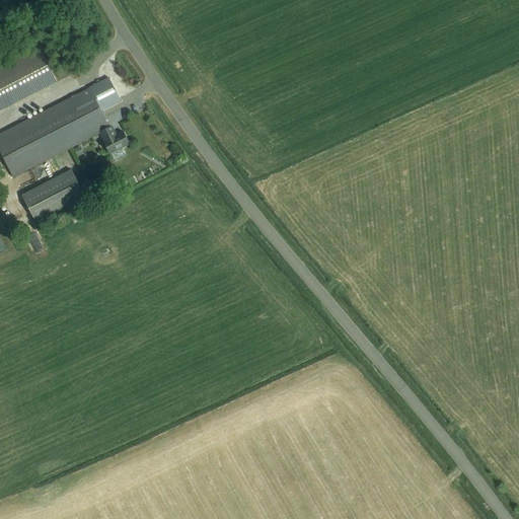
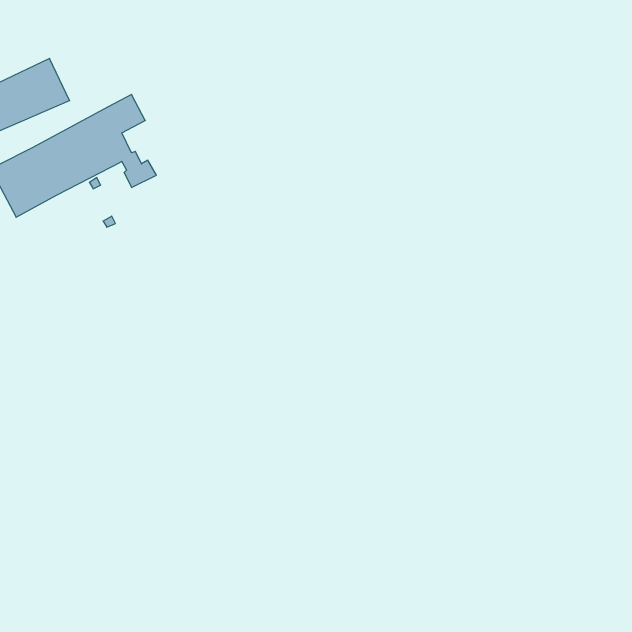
building: [20,168,83,220] -> none

